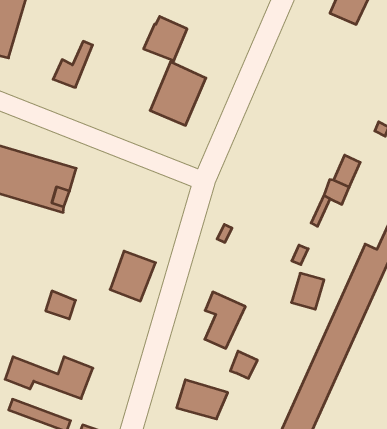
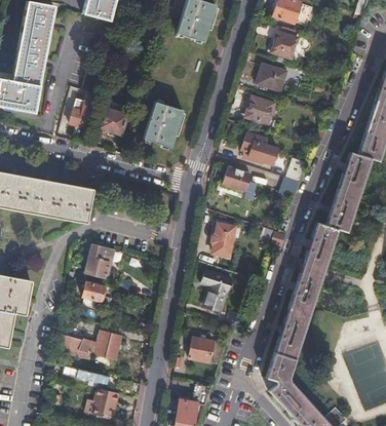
building: [144,16,187,61] -> [99,103,129,134]
building: none -> [256,63,286,91]
building: none -> [246,95,275,124]
building: none -> [241,131,278,164]
building: none -> [224,166,257,201]
building: [110,251,156,301] -> [85,244,117,280]
building: [291,273,324,309] -> [214,223,236,248]

